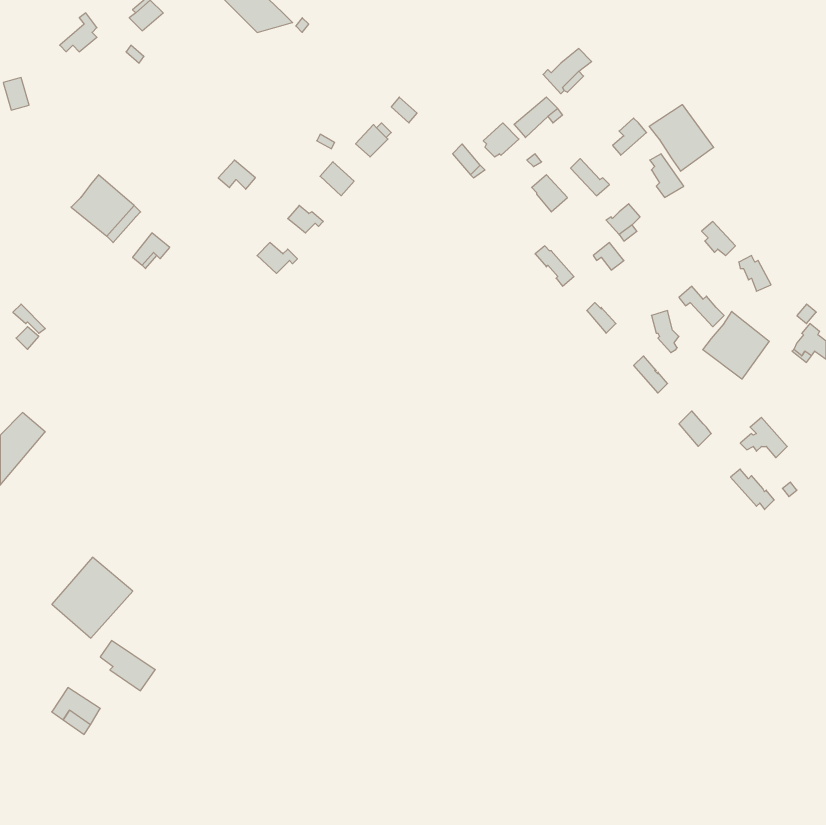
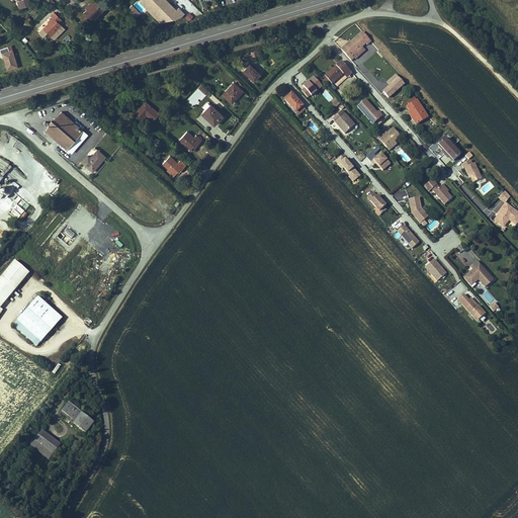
building: [649,105,714,171] -> none
building: [703,311,769,379] -> none
building: [52,557,133,638] -> [12,295,63,346]

